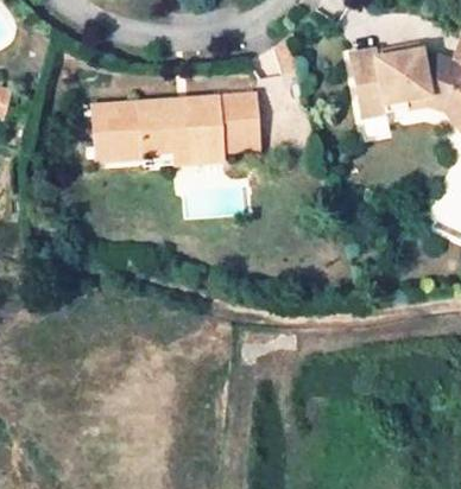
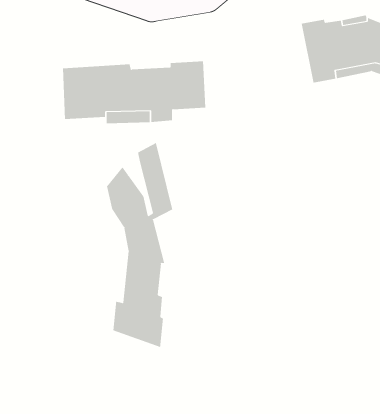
building: none -> [107,142,173,348]

